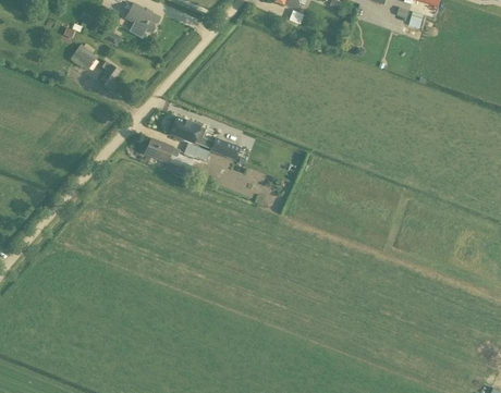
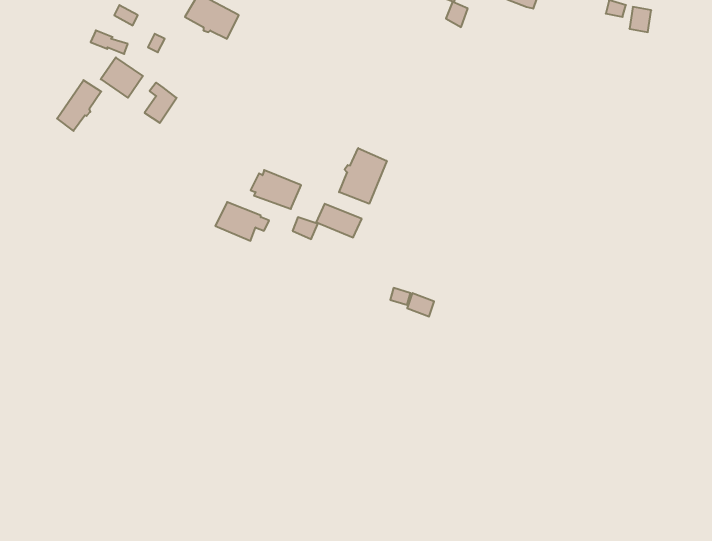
building: none -> [57,80,101,131]
building: none -> [339,148,387,204]

